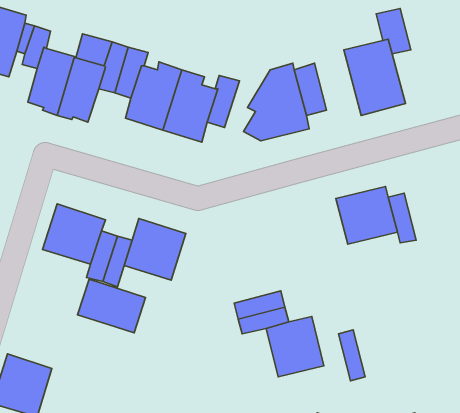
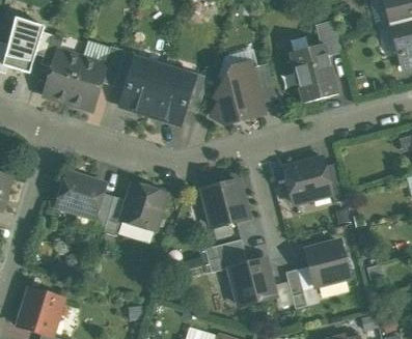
building: none -> [202,178,247,226]
building: [78,279,145,333] -> none
building: none -> [305,239,349,284]

